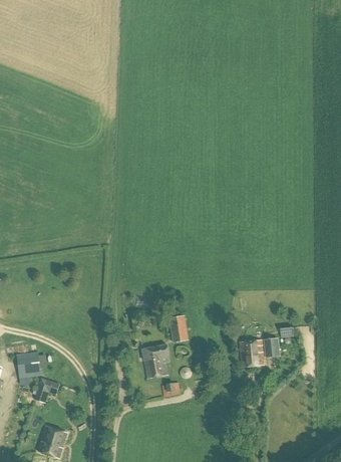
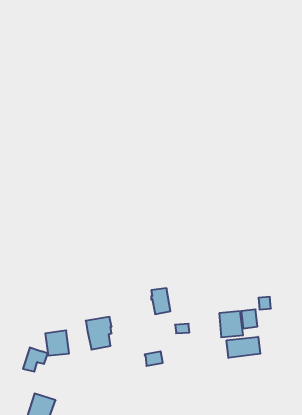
building: [142,344,169,379] -> [86,317,112,350]
building: [16,352,41,378] -> [45,330,69,355]
building: none -> [227,337,260,358]

